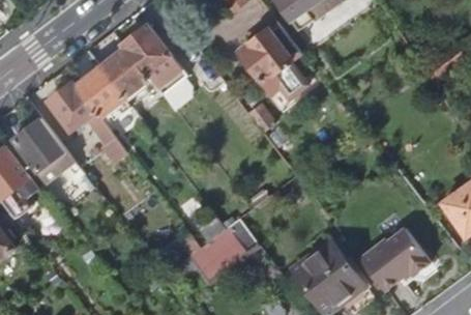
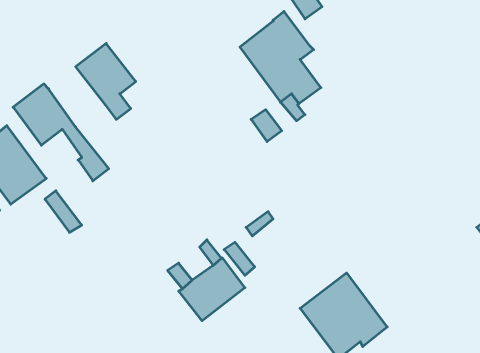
building: [122,24,188,95] -> none
building: [77,67,124,118] -> none
building: [358,228,429,290] -> none

